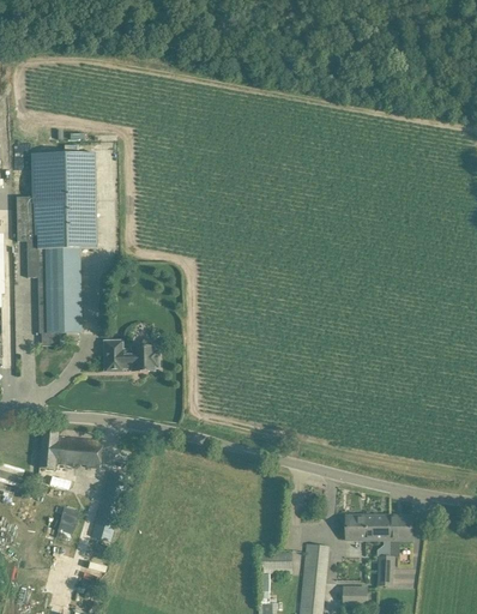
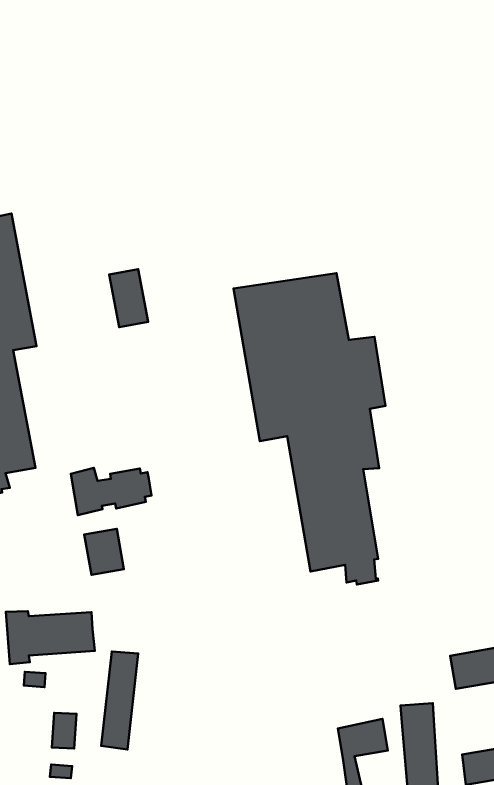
building: none -> [109,269,148,327]
building: none -> [233,273,385,584]
building: none -> [84,529,124,575]

